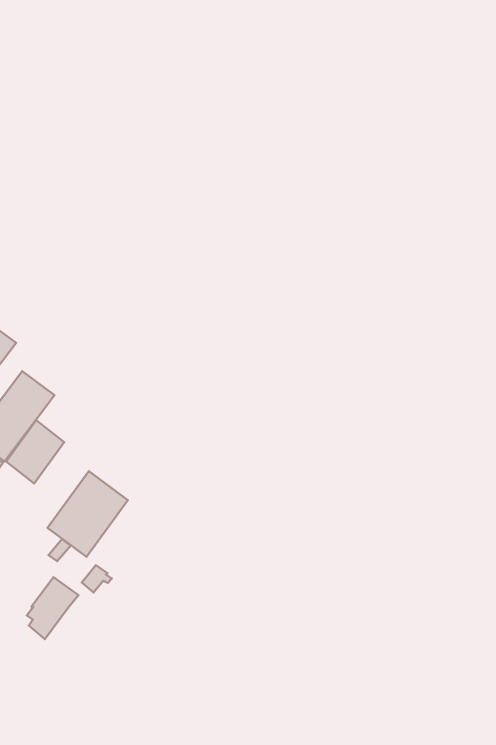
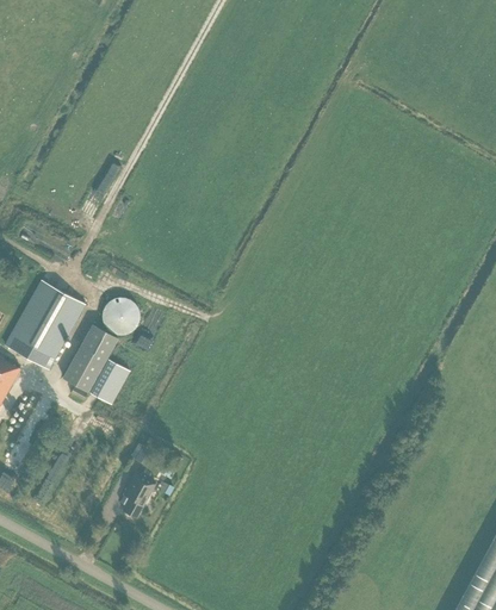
building: none -> [103,298,141,336]
building: [47,471,128,557] -> none

